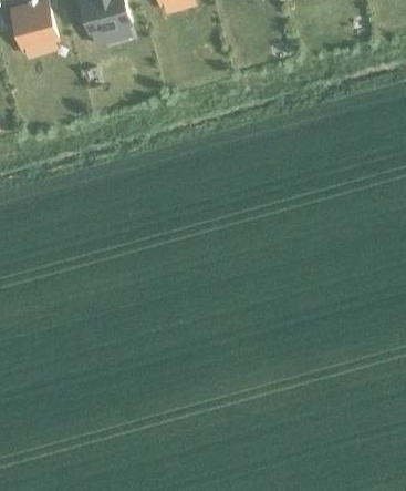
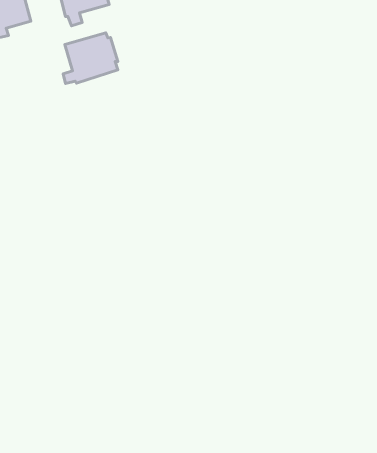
building: none -> [63,33,118,83]

